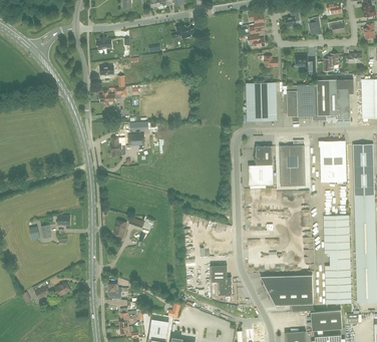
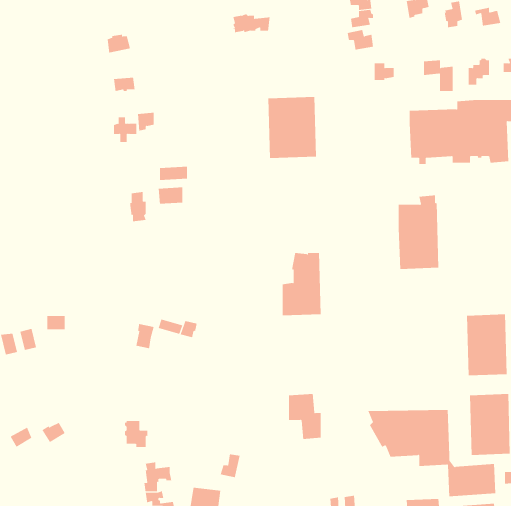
building: [246,82,277,121] -> [268,96,317,158]
building: [320,140,347,182] -> none
building: [249,145,274,186] -> [282,252,321,316]

